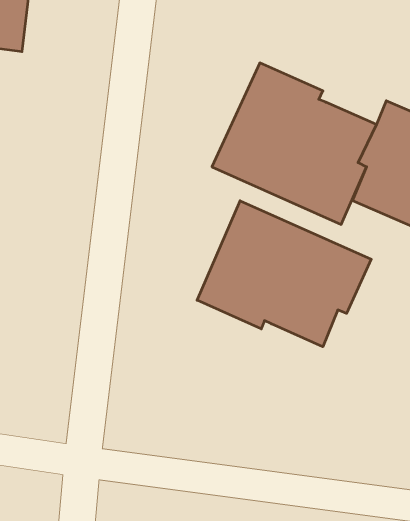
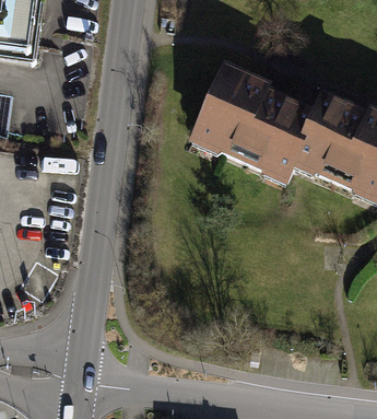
building: [197,201,371,347] -> none

